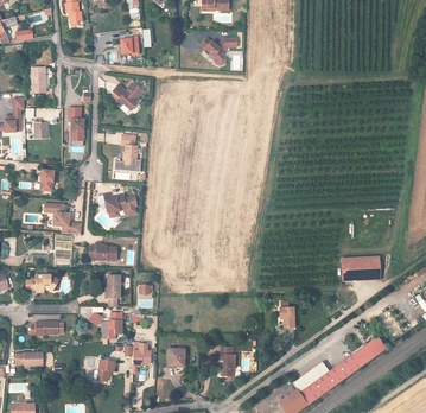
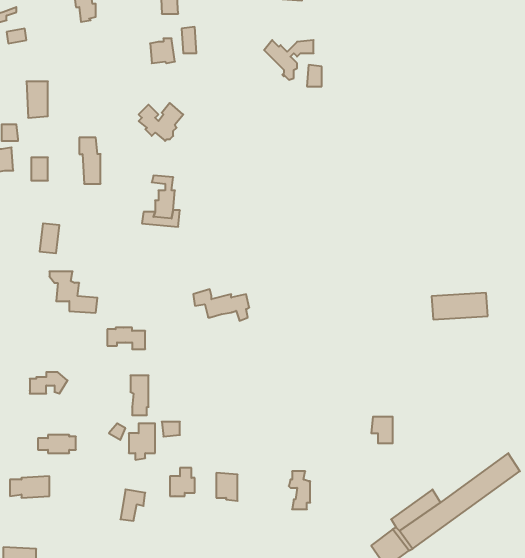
building: [96,191,136,214] -> [193,289,249,321]
building: [339,258,380,277] -> [432,293,488,319]

